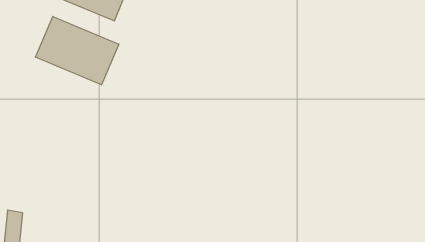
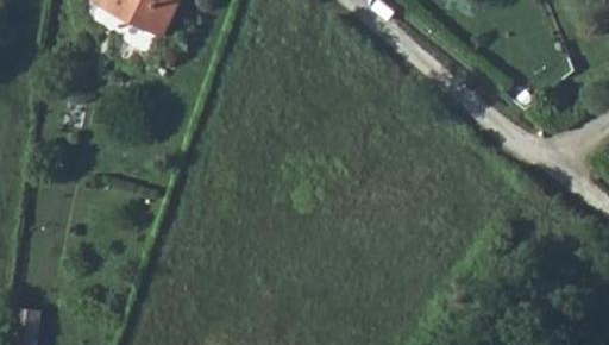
building: [35,16,119,85] -> none

